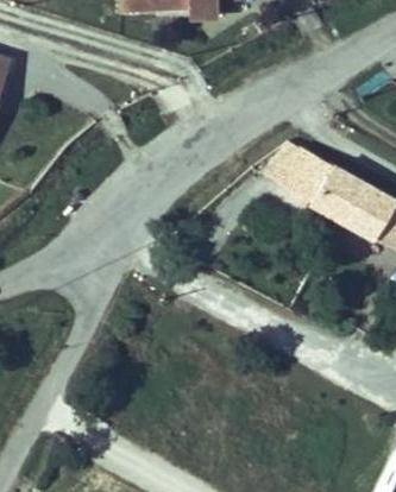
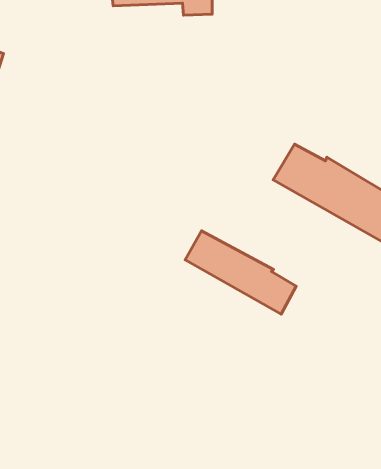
building: none -> [185,231,296,314]

